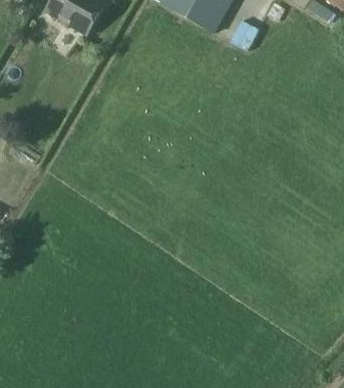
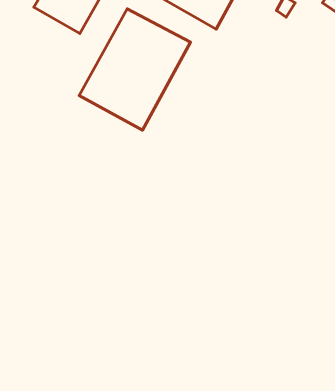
building: none -> [79,9,191,130]

